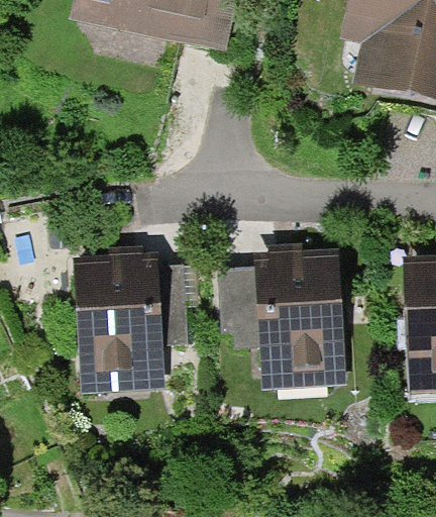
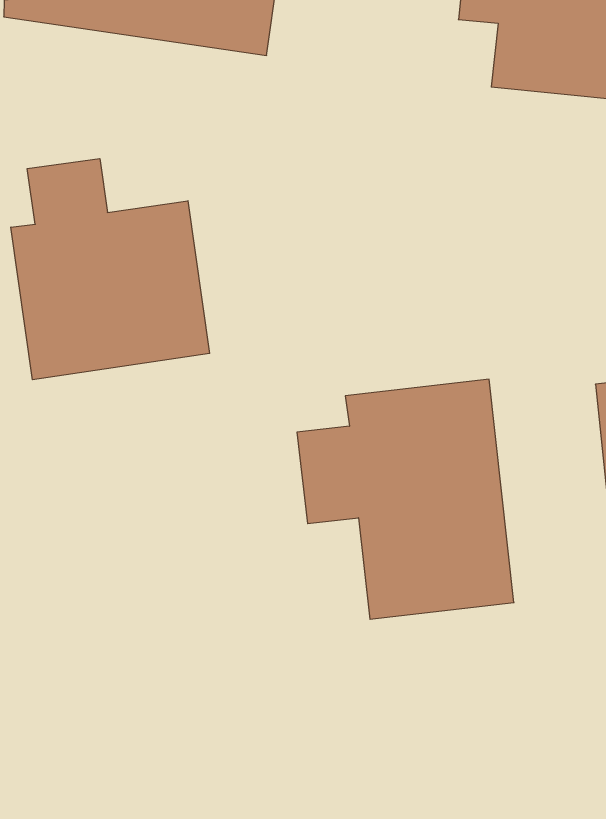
building: none -> [11,159,210,380]
building: [76,255,166,394] -> none

